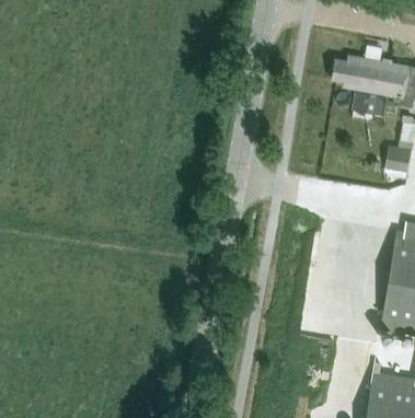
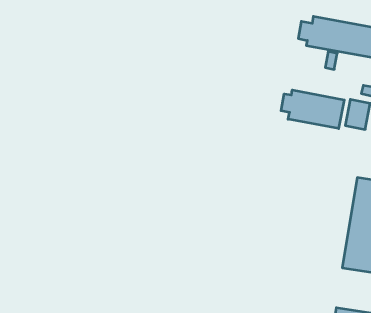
building: none -> [281,90,344,129]

